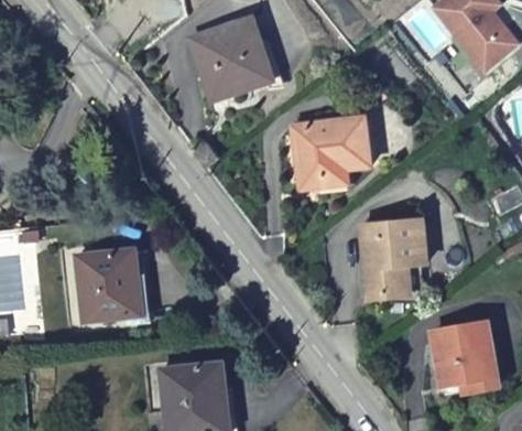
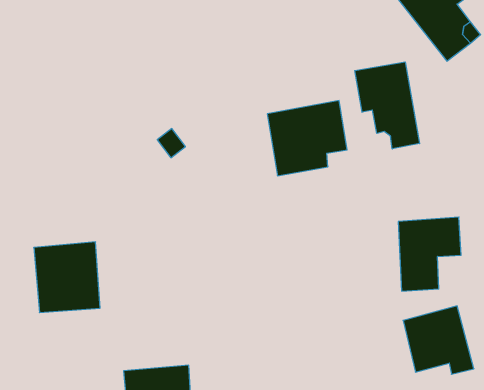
building: [194,24,271,95] -> none
building: none -> [355,62,420,149]
building: [361,223,423,295] -> [398,217,461,291]

